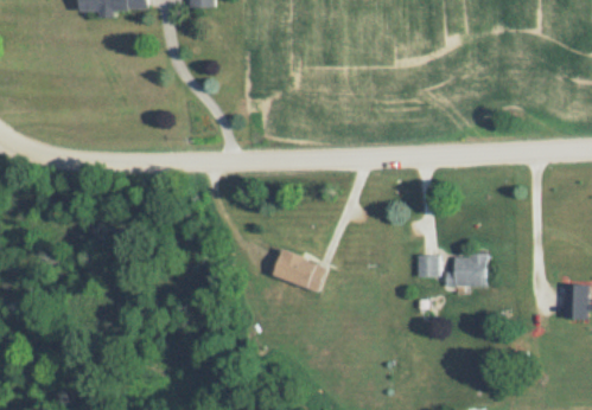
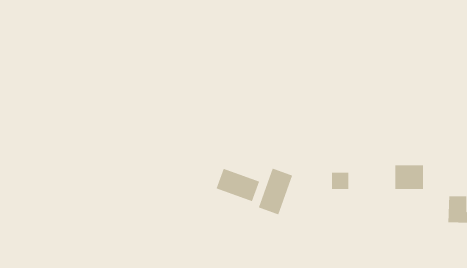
building: none -> [258,168,293,215]
building: [450,255,486,287] -> [394,164,424,190]

